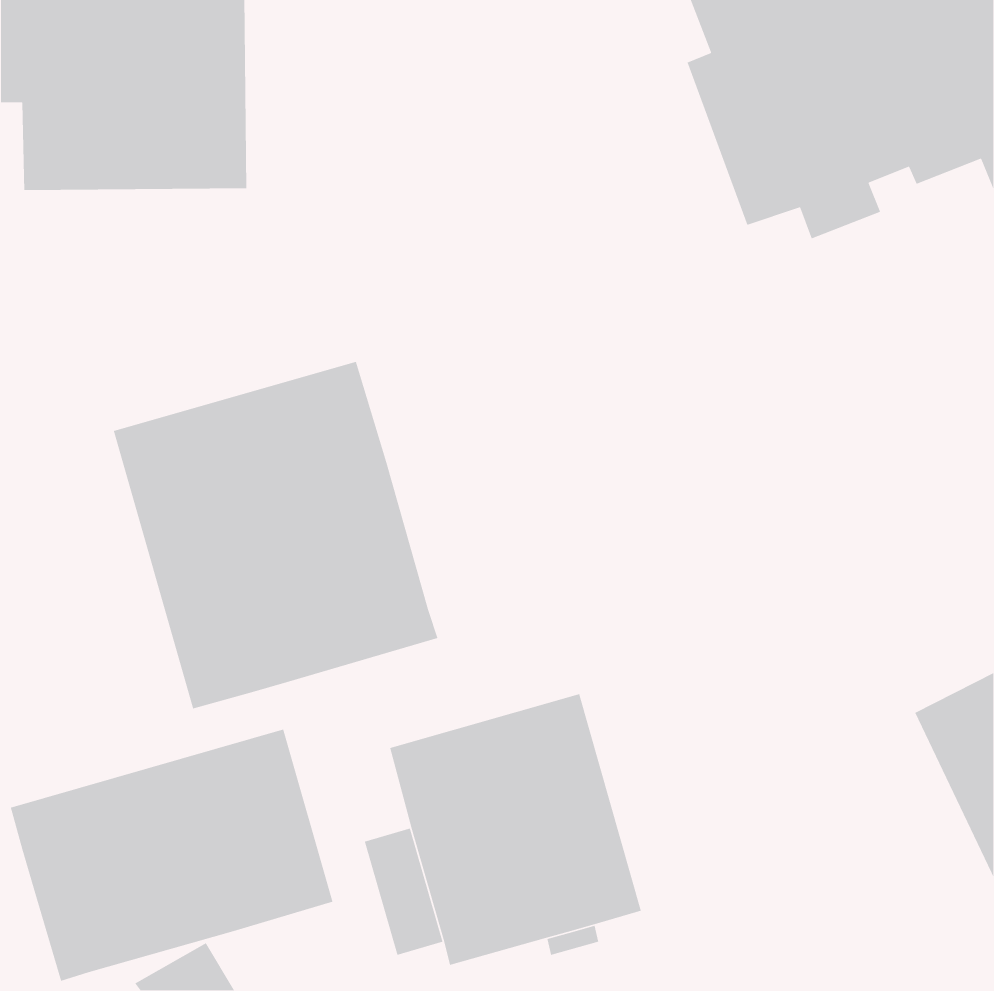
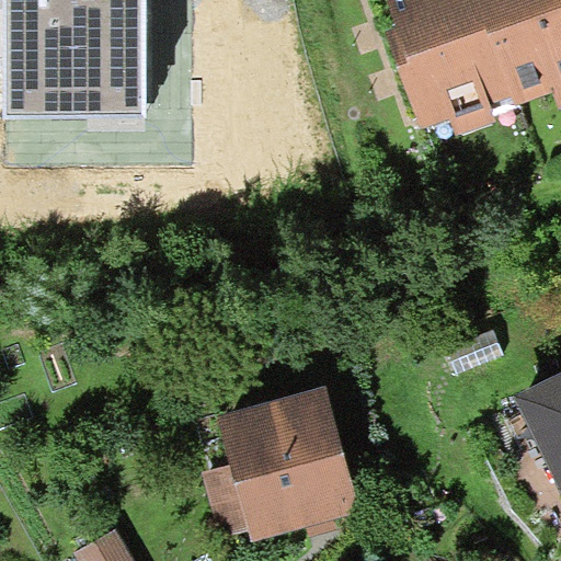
building: [113,361,438,710] -> none
building: [10,729,333,982] -> none

